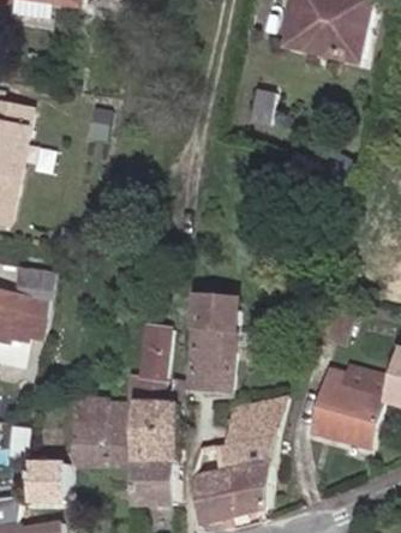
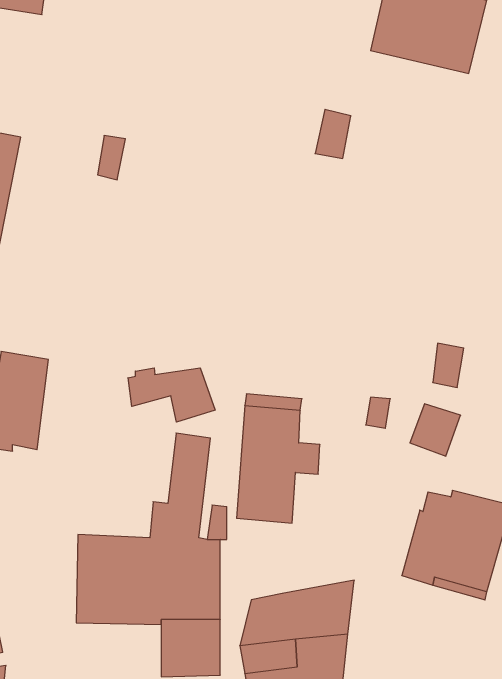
building: none -> [128,368,215,422]
building: [223,396,286,443] -> none
building: [22,456,67,501] -> none

